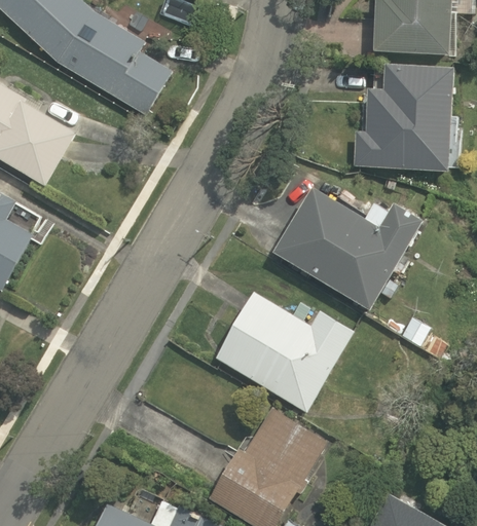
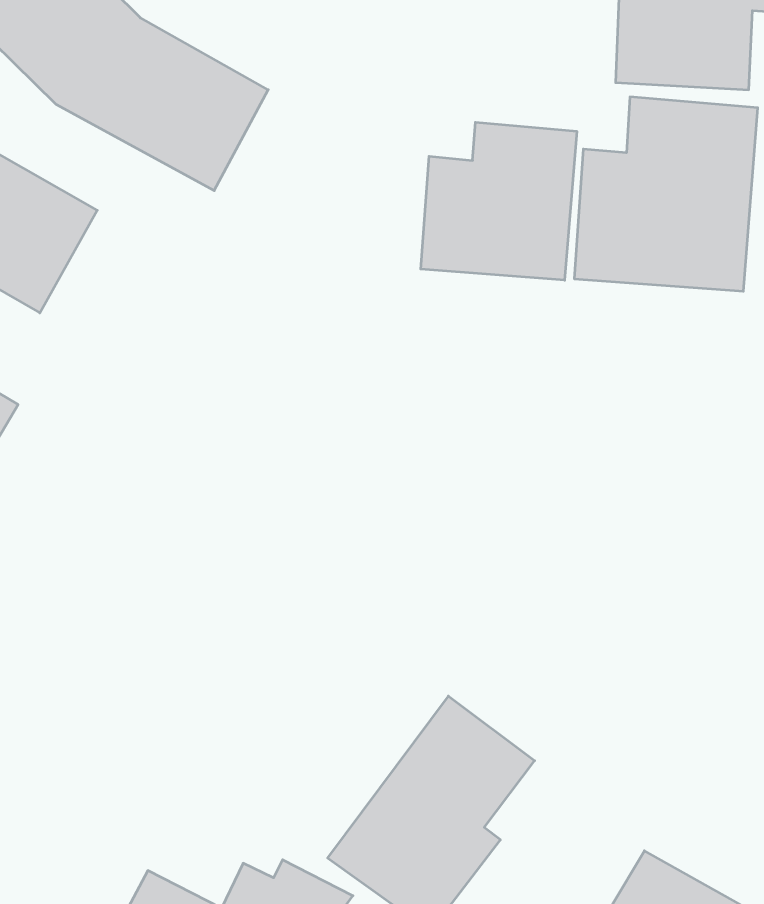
building: none -> [421,122,577,280]
building: [280,189,423,309] -> none
building: [215,292,356,413] -> none

